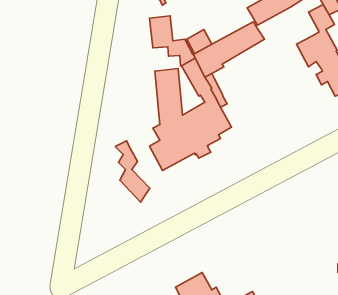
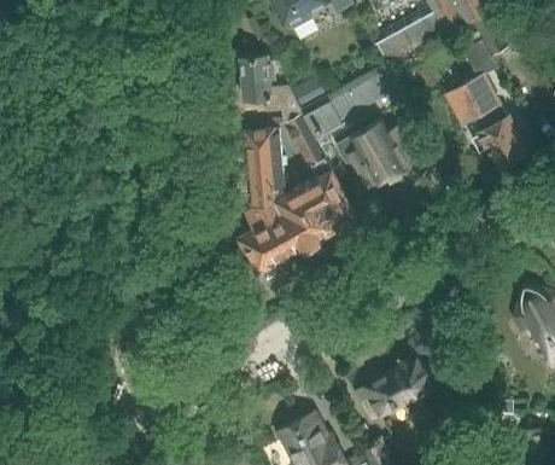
building: none -> [334,120,415,187]
building: [116,141,150,202] -> none
building: none -> [355,358,433,420]

